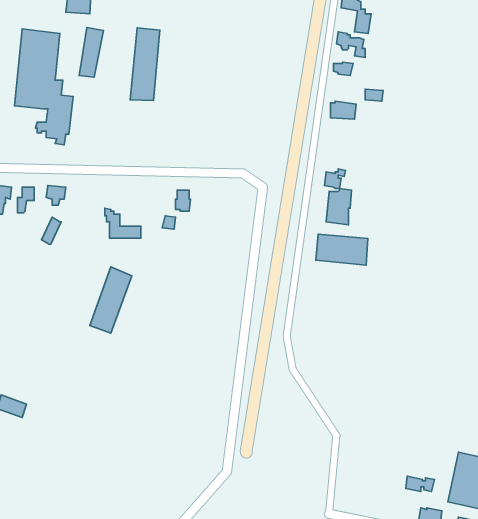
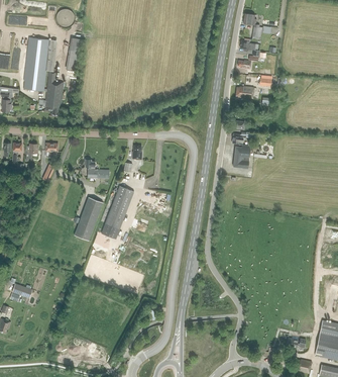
building: [130,28,160,100] -> none
building: [316,234,368,265] -> none
building: none -> [100,186,133,240]

